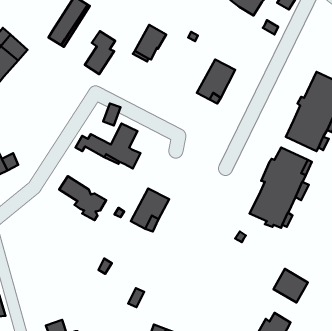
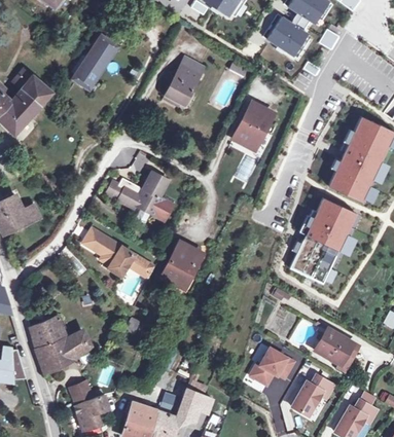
building: [85,31,115,74] -> none
building: none -> [30,316,89,373]
building: none -> [250,349,293,386]

